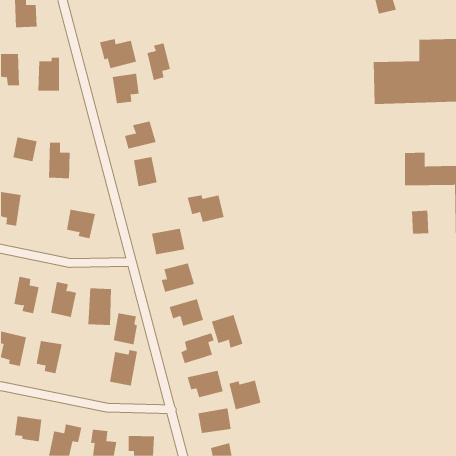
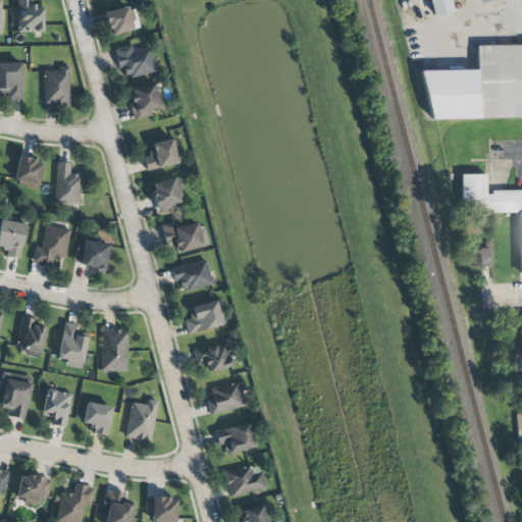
building: none -> [105,5,135,35]
building: [147,42,171,81] -> none
building: [187,195,225,223] -> [161,221,204,253]
building: none -> [33,224,70,266]
building: [113,312,137,345] -> none
building: [211,314,243,348] -> none
building: none -> [83,401,113,434]
building: [229,380,261,410] -> none

